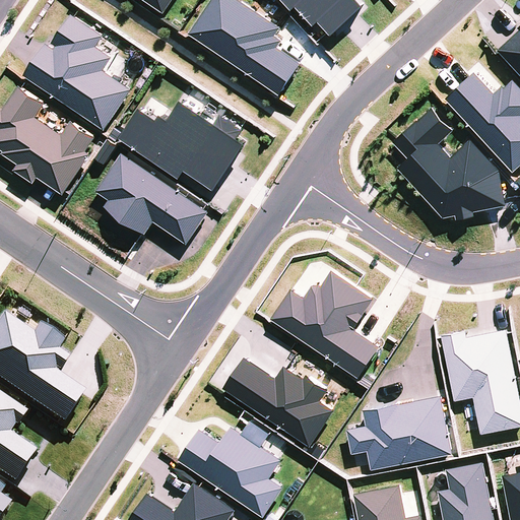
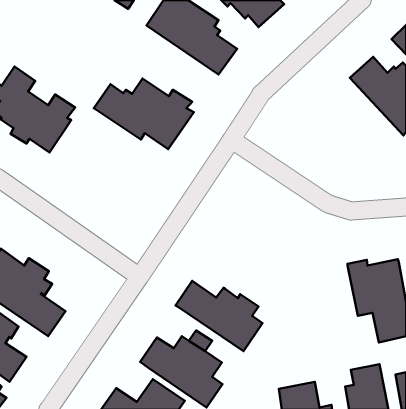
building: [22,14,131,130] -> none
building: [392,108,504,219] -> none
building: [95,152,208,244] -> none
building: [270,270,378,378] -> none
building: [345,395,451,469] -> none

